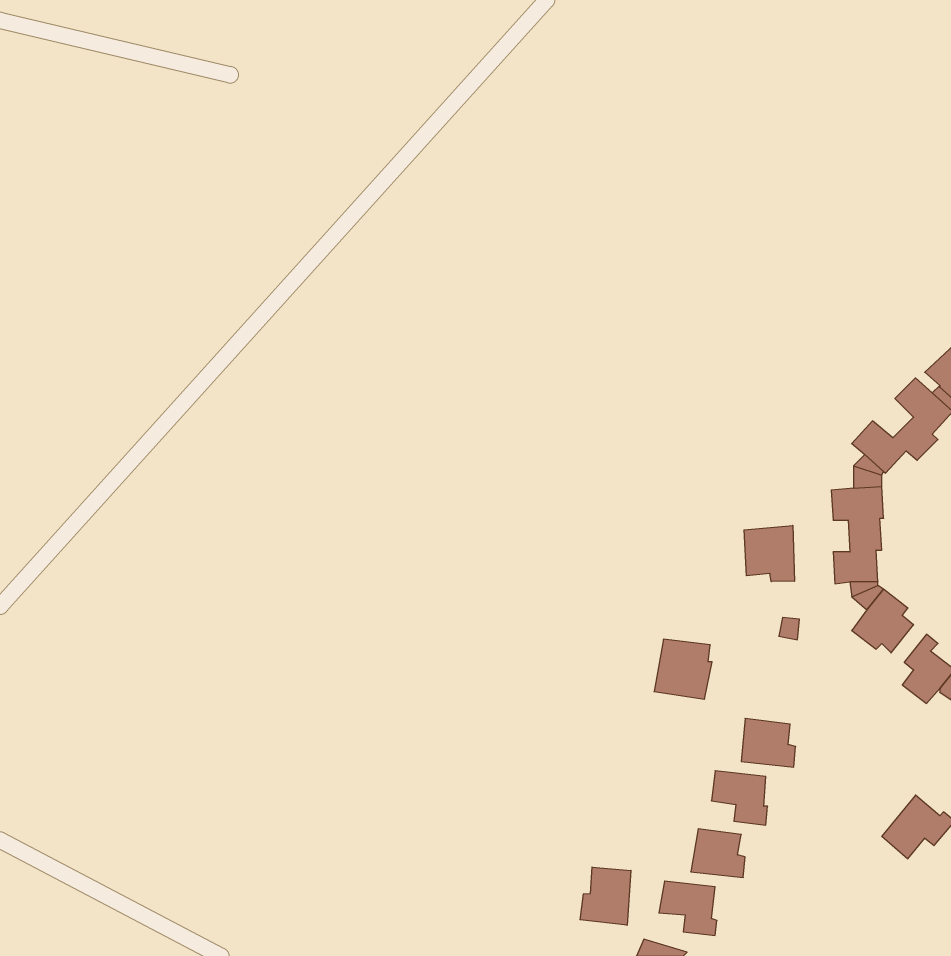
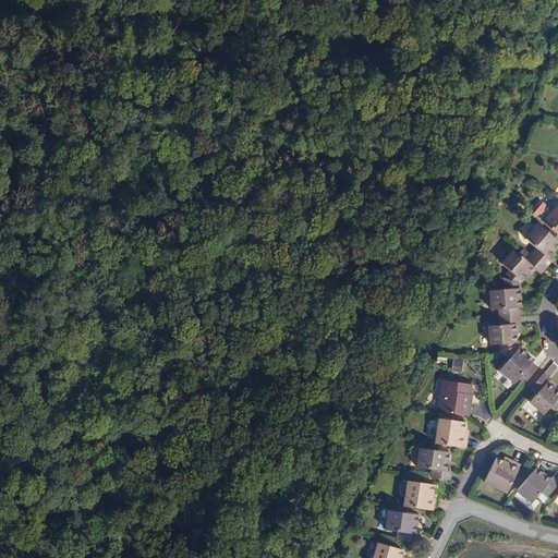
building: [744,525,794,582] -> none
building: [654,639,712,699] -> [438,379,472,414]
building: none -> [486,457,520,489]
building: [580,867,631,925] -> none

